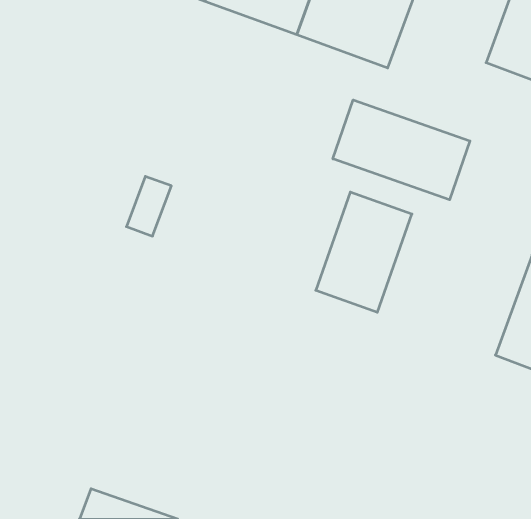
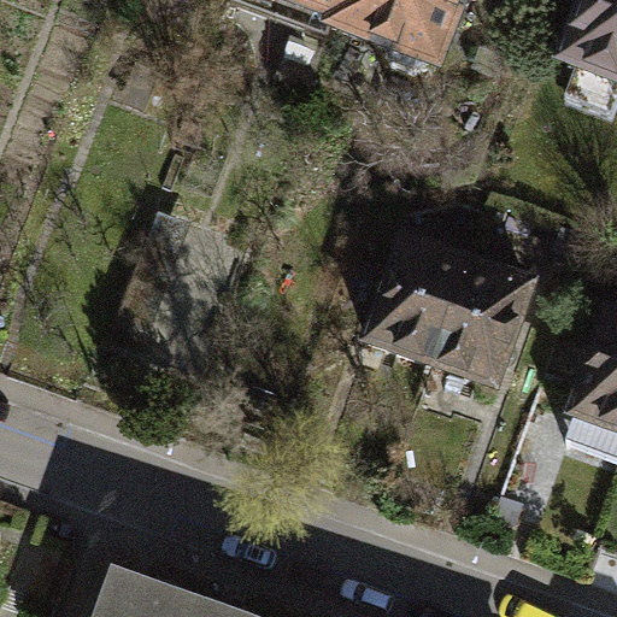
building: [333,100,470,200] -> none
building: none -> [439,247,547,386]

